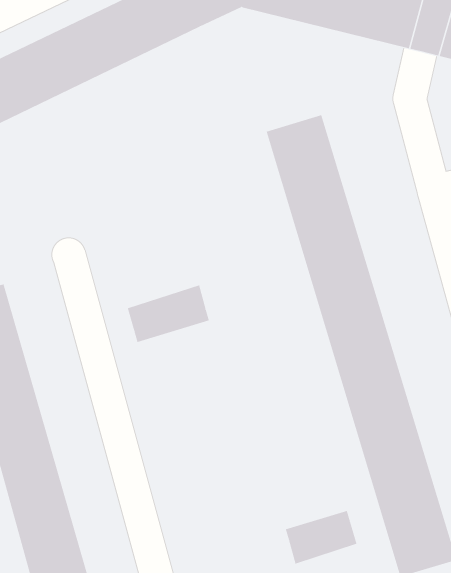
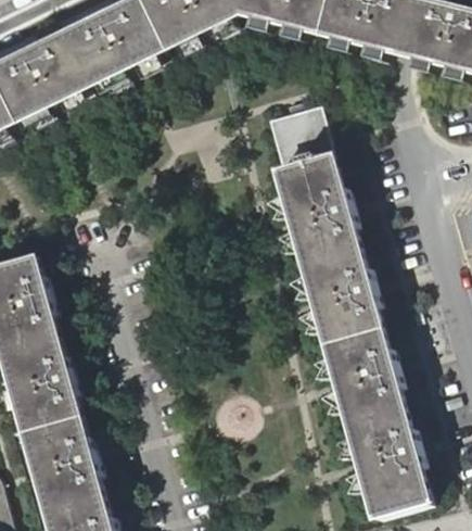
building: [127,285,209,343] -> none
building: [285,510,357,564] -> none

